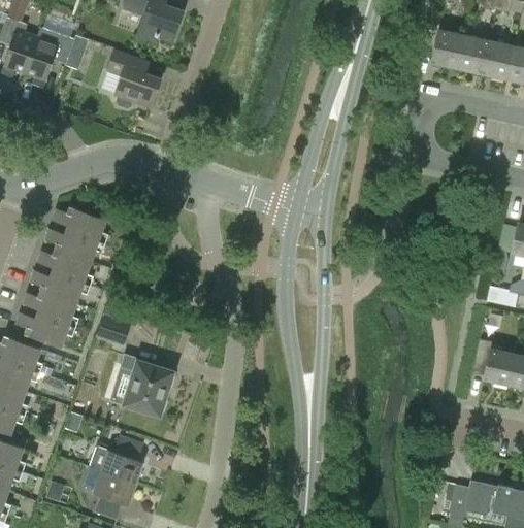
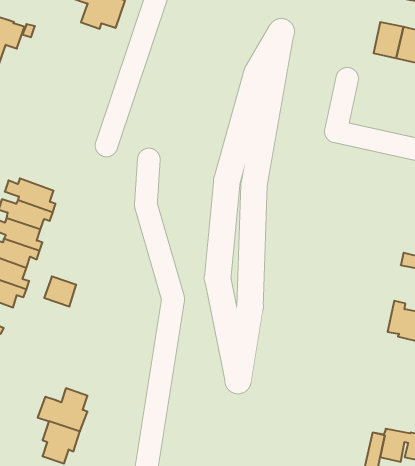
building: [430,29,463,69] -> none
building: [106,50,160,109] -> none
building: [119,354,172,416] -> none

